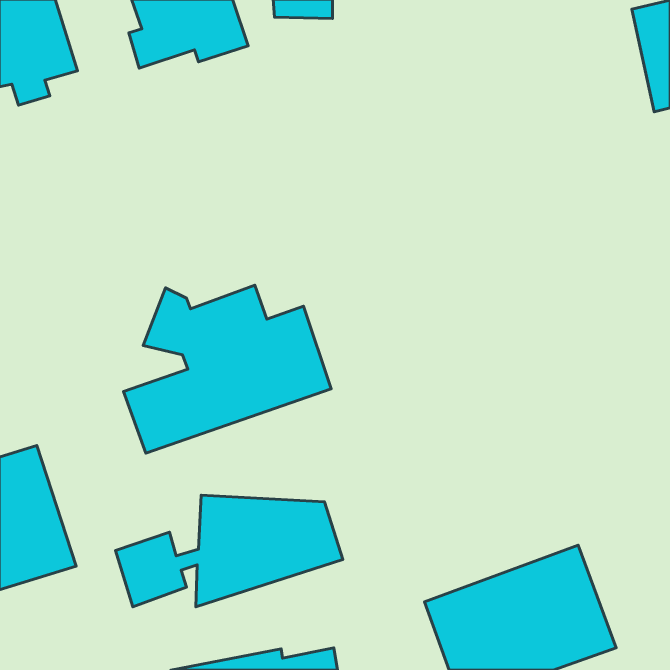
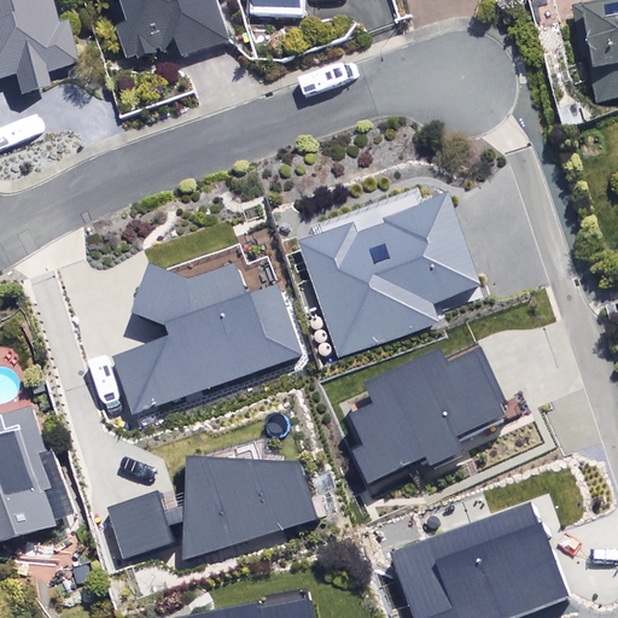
building: none -> [298,197,485,360]
building: none -> [352,345,506,482]

